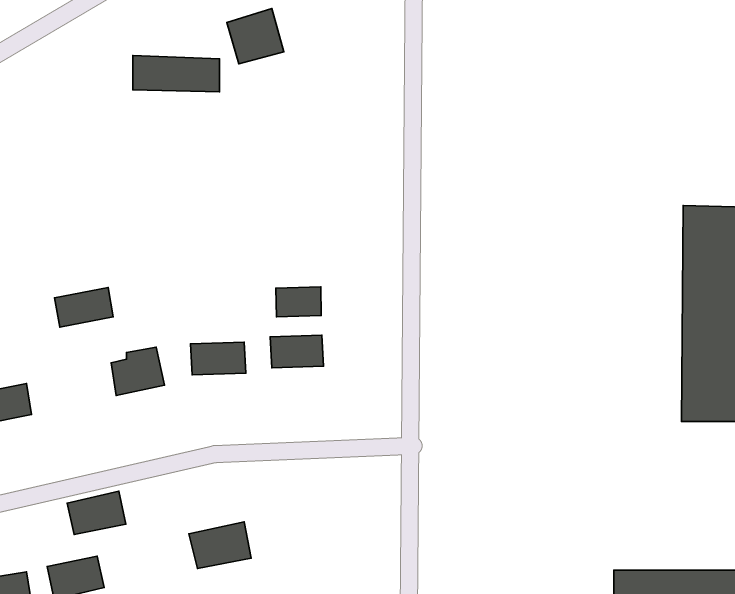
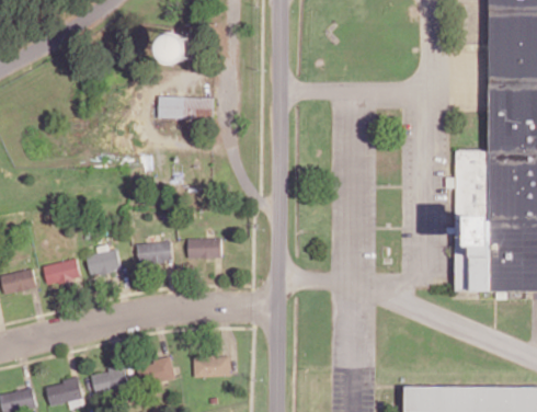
building: [133,55,219,92] -> [160,95,215,118]
building: [276,287,321,317] -> none
building: [55,287,113,327] -> [44,259,81,284]
building: [67,491,126,534] -> [92,366,129,393]
building: none -> [195,356,231,377]

